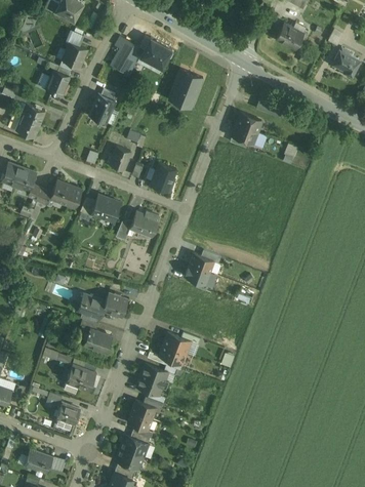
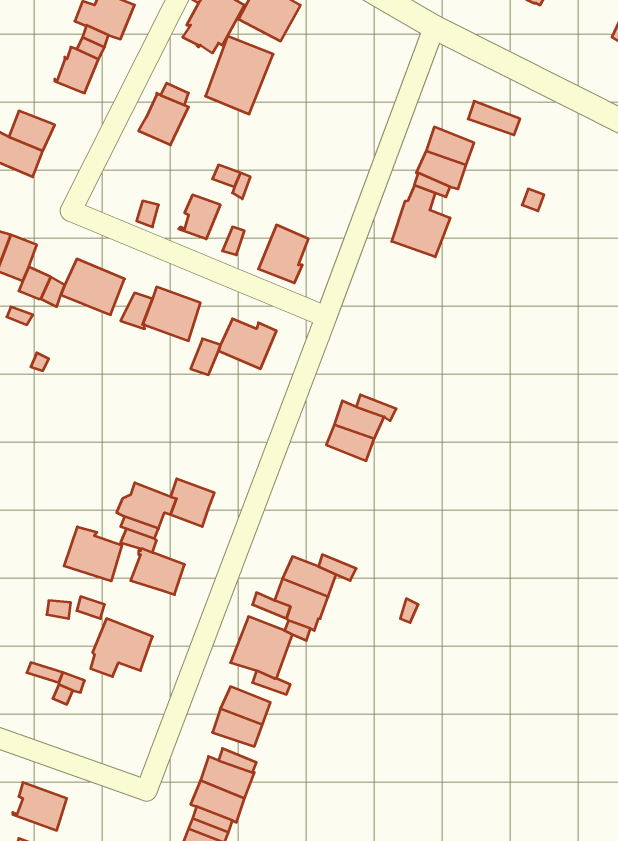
building: [169,69,204,109] -> [205,36,273,114]
building: none -> [392,185,450,257]
building: none -> [64,527,122,581]
building: [56,403,79,430] -> none

